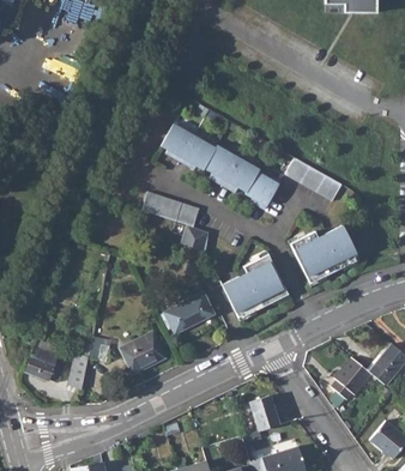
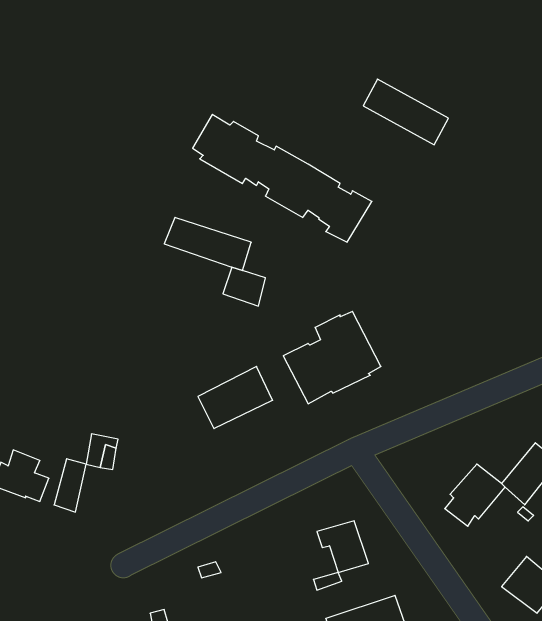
building: [286,156,344,200] -> [363,79,448,145]
building: [290,223,357,280] -> none
building: [119,330,167,374] -> none

